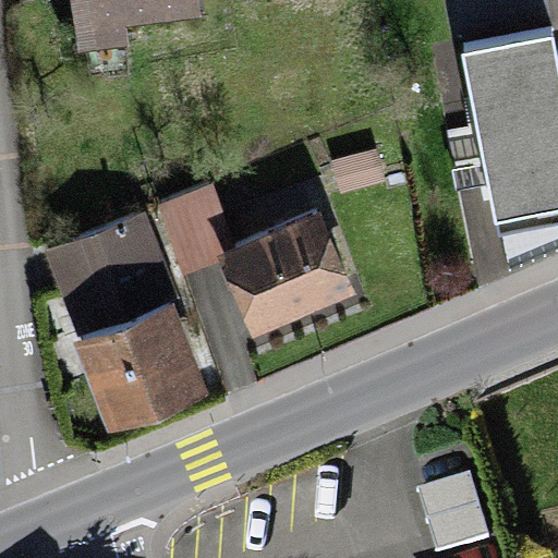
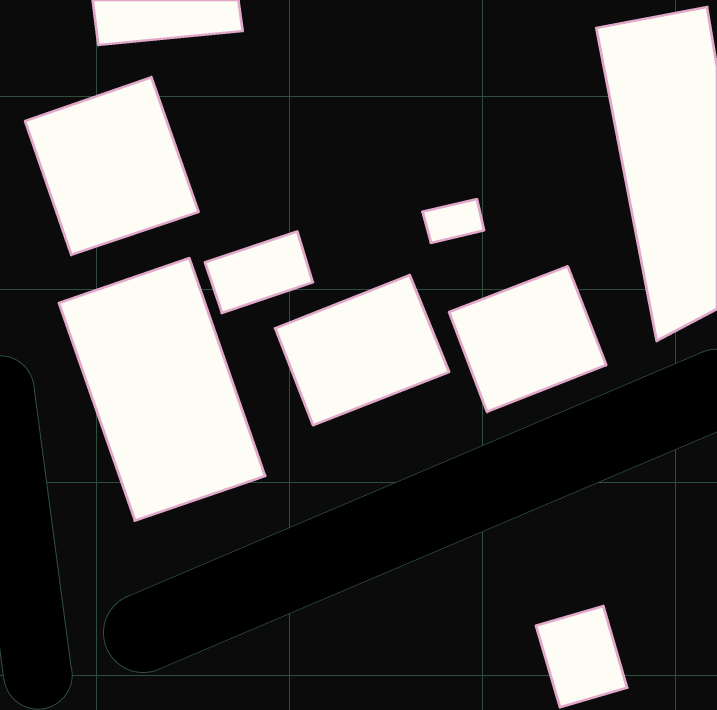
building: none -> [25,77,198,255]
building: none -> [449,266,606,412]

